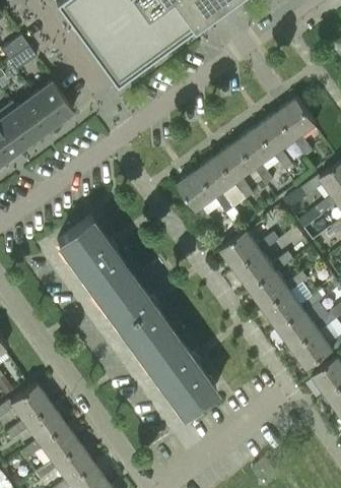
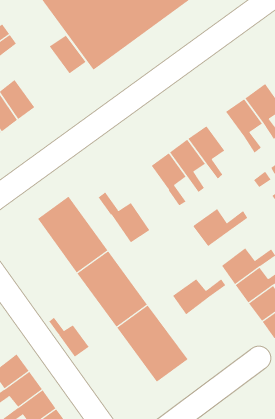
building: [33,83,73,125] -> [49,35,87,74]
building: [235,130,274,187] -> none
building: none -> [98,191,150,243]
building: [236,254,293,293] -> [172,279,226,315]
building: none -> [48,317,89,357]

